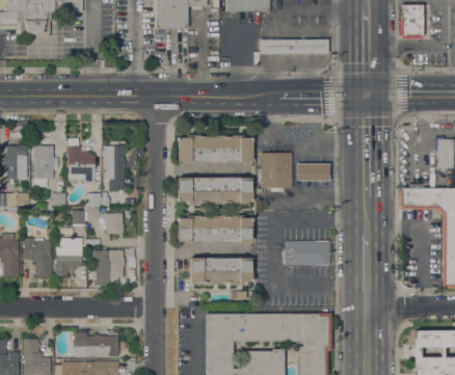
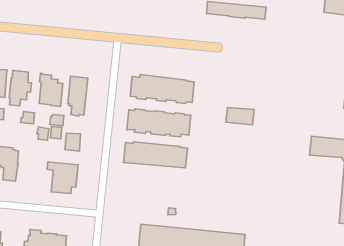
building: [261,153,292,187] -> none
building: [55,231,82,275] -> none
building: [283,240,330,265] -> none
building: [189,256,252,284] -> none

